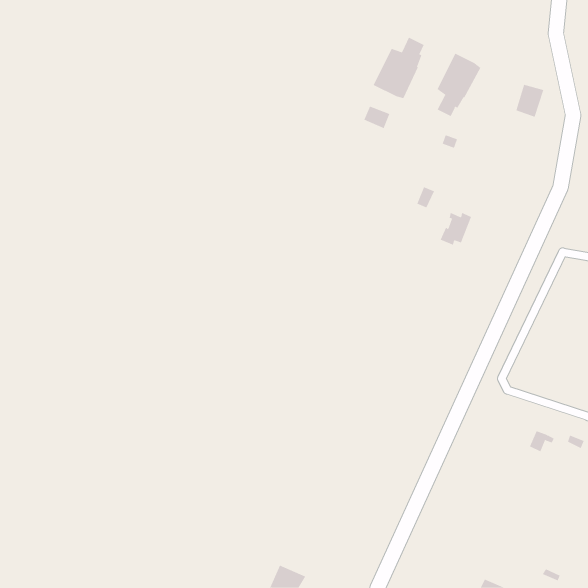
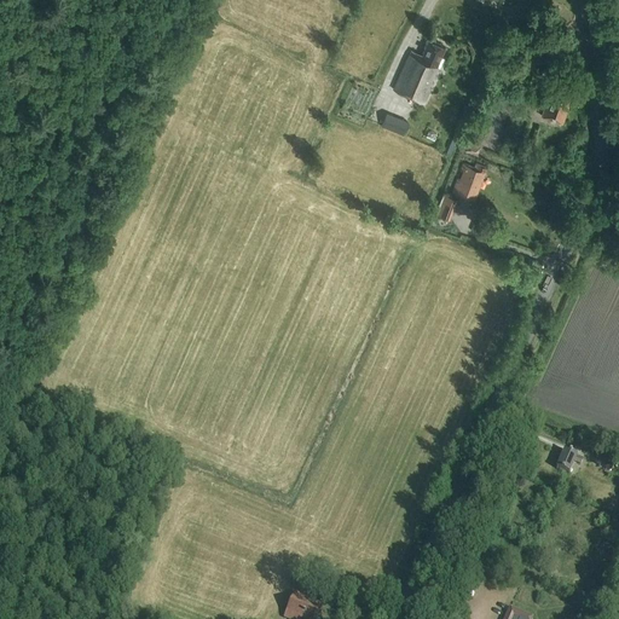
building: [437,53,481,117] -> none
building: [440,212,472,245] -> [452,163,486,198]

